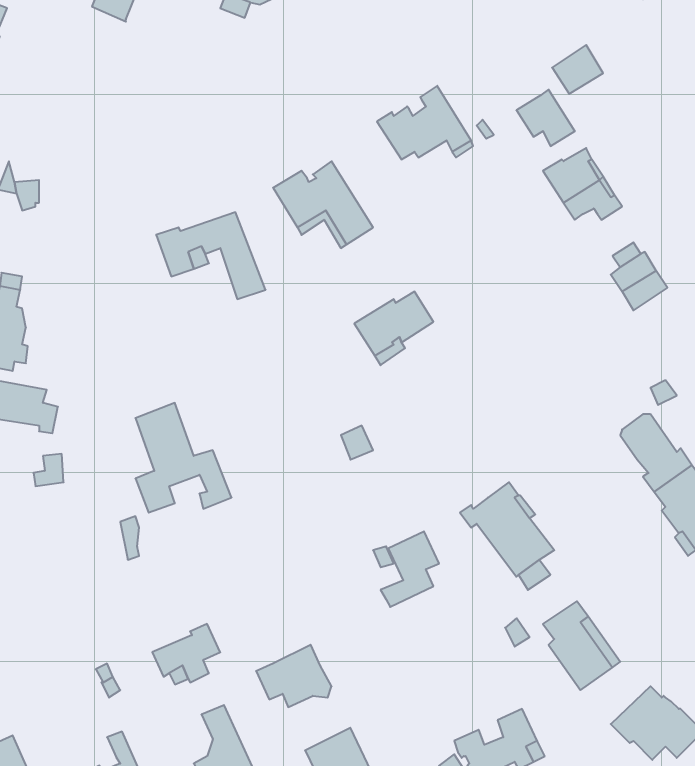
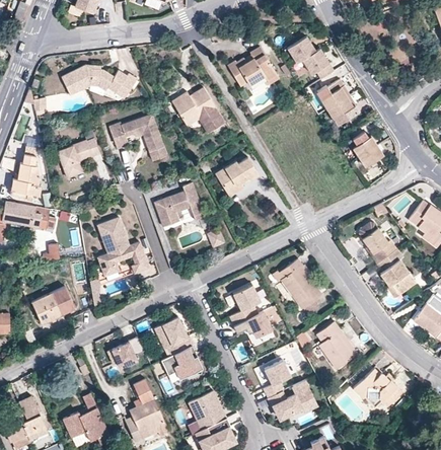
building: [552,45,603,94] -> [288,36,315,63]
building: none -> [62,66,137,98]
building: none -> [58,138,99,177]
building: none -> [154,182,205,227]
building: none -> [31,286,75,323]
building: none -> [233,312,272,339]
building: none -> [154,318,192,357]
building: none -> [264,361,291,398]

